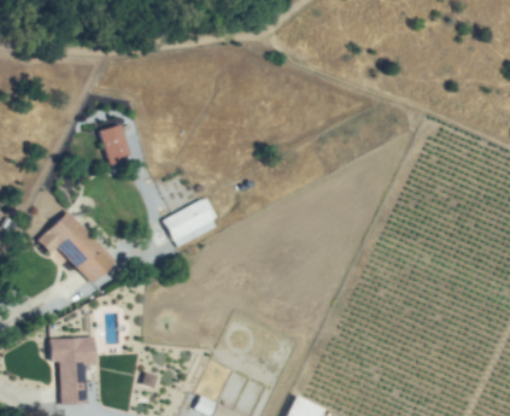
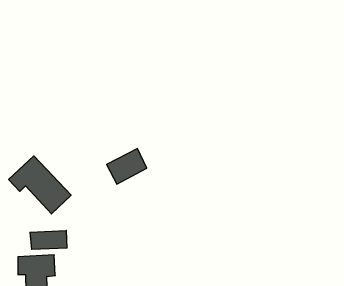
building: [99,123,130,165] -> none
building: none -> [30,230,67,249]

